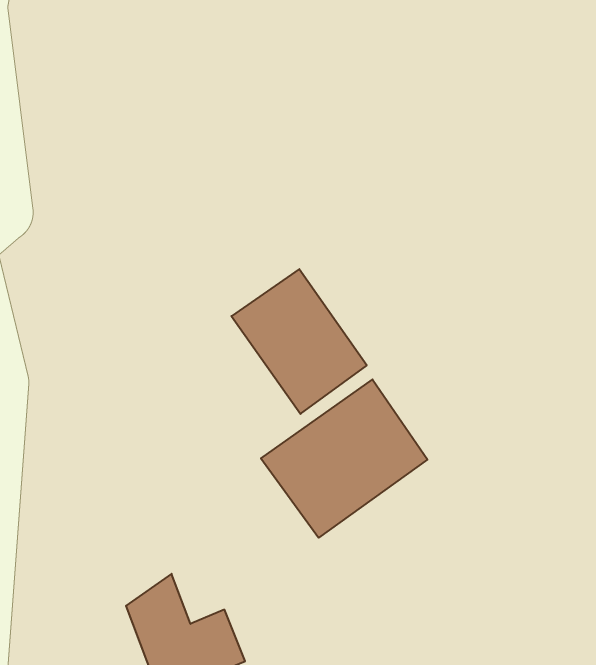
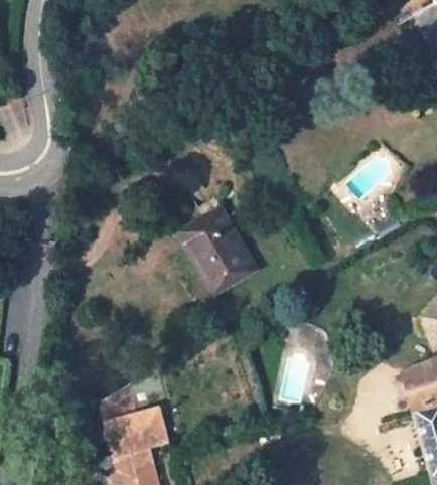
building: [261,379,427,538] -> none

